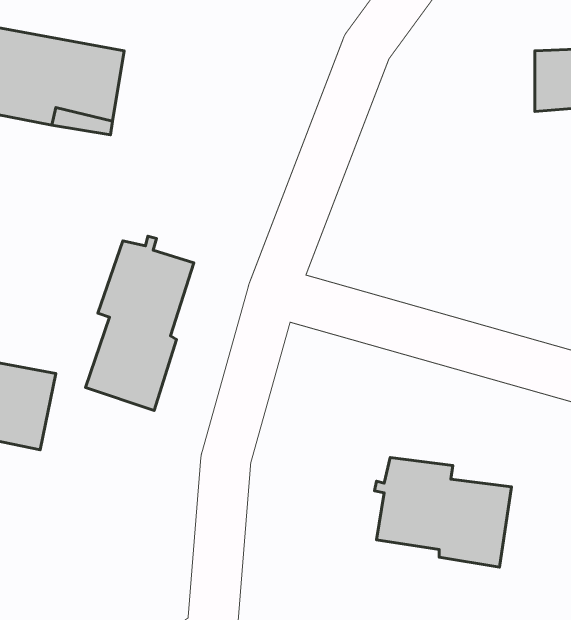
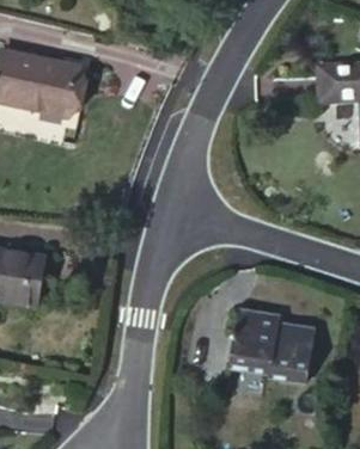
building: [86,236,194,411] -> none

